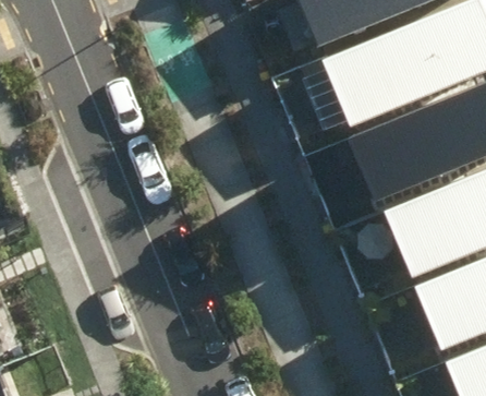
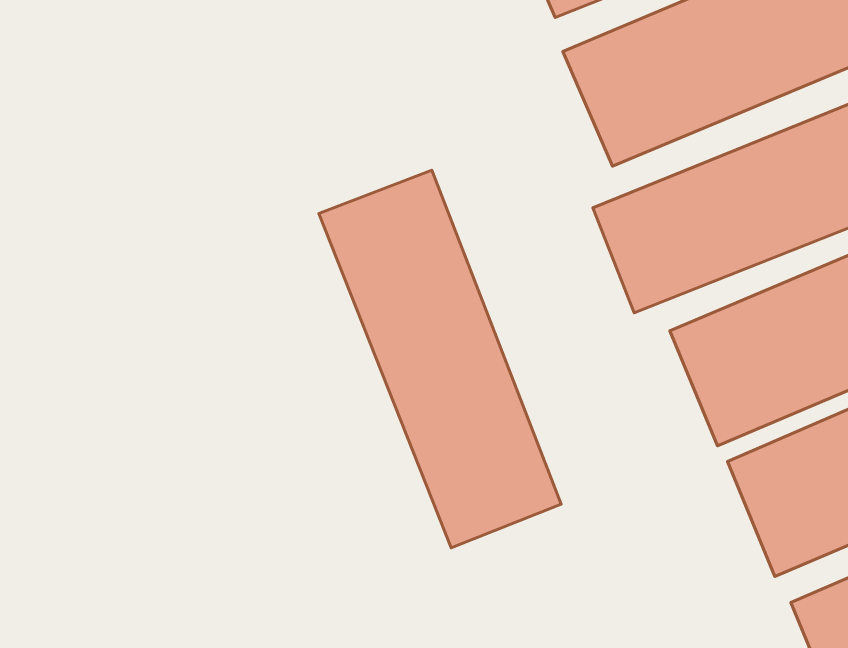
building: none -> [319,170,561,548]

